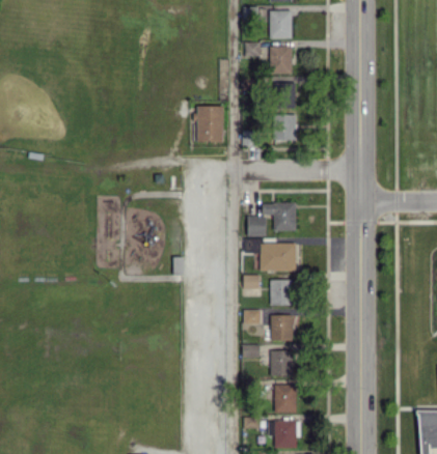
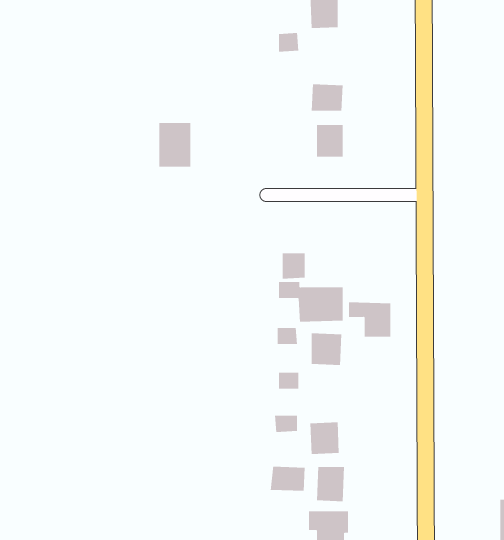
building: [269,47,293,75] -> none
building: [197,107,223,142] -> [158,122,191,167]
building: [262,203,296,231] -> [348,302,391,337]
building: [270,315,293,341] -> none
building: none -> [270,466,305,492]

